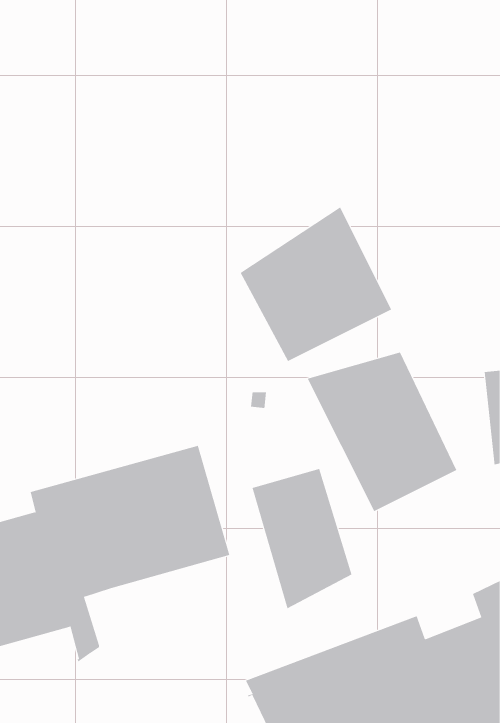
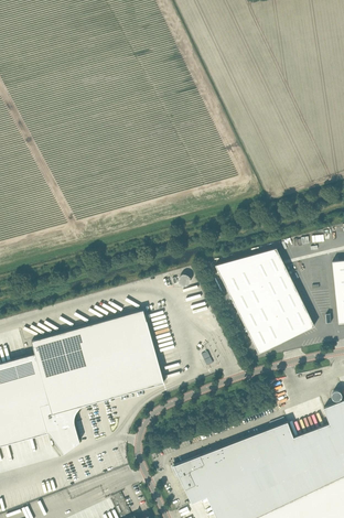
building: [240,207,392,362] -> none
building: [252,468,352,609] -> none

